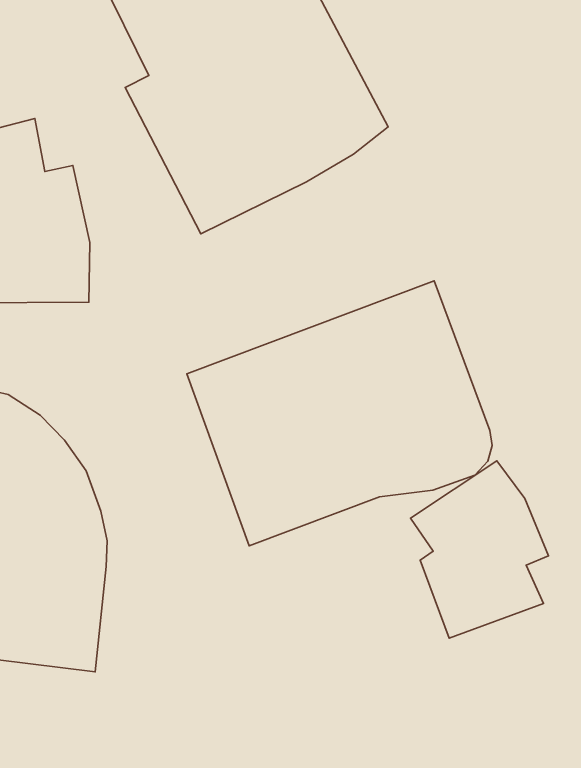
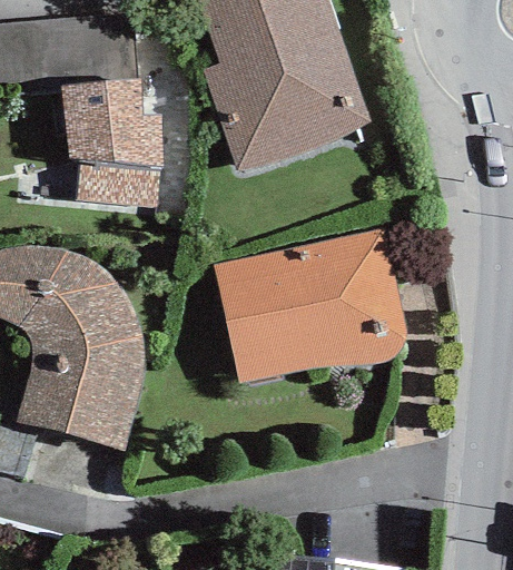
building: [411,461,548,638] -> none

